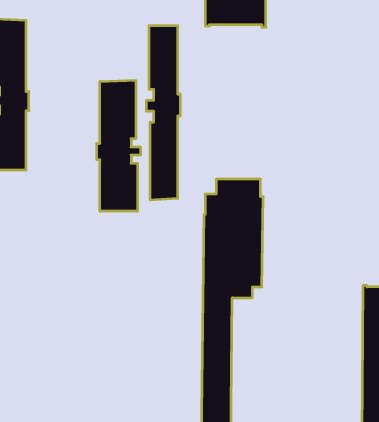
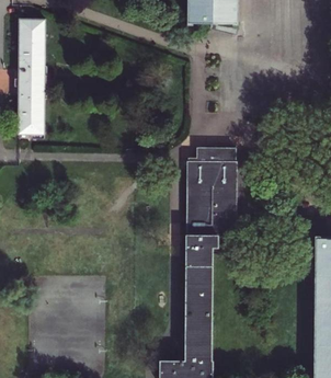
building: [147,26,180,200] -> none
building: [97,80,140,211] -> none

